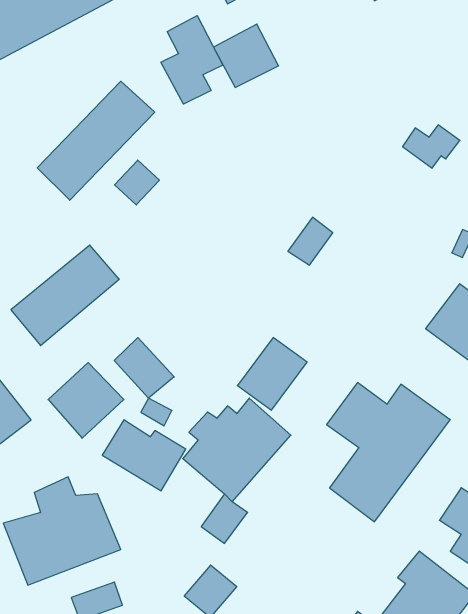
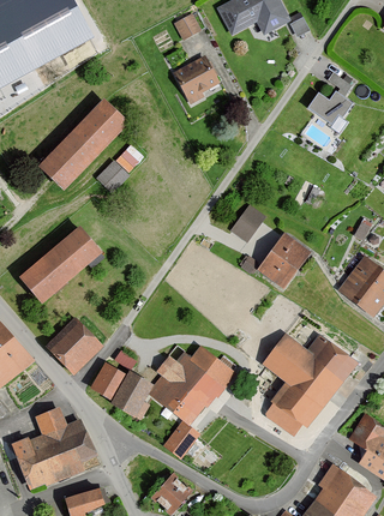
building: [161,16,223,104] -> none
building: [403,125,460,168] -> [307,90,352,124]
building: [114,338,174,398] -> none
building: [237,338,307,410] -> [256,232,310,288]

